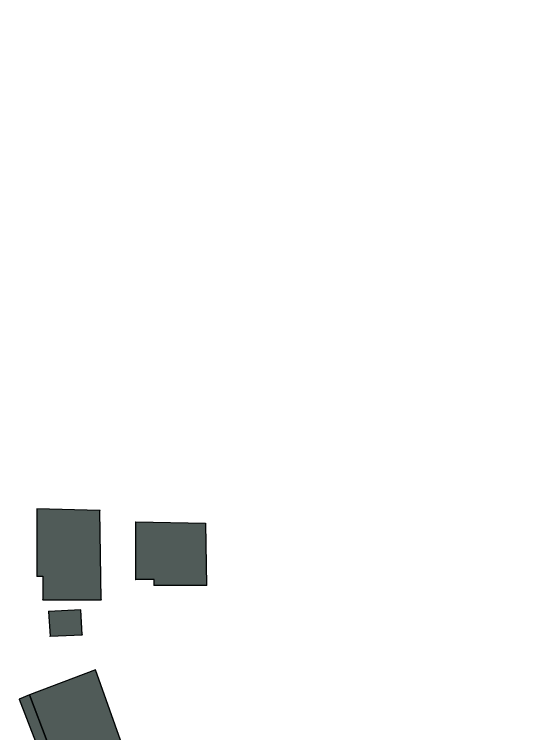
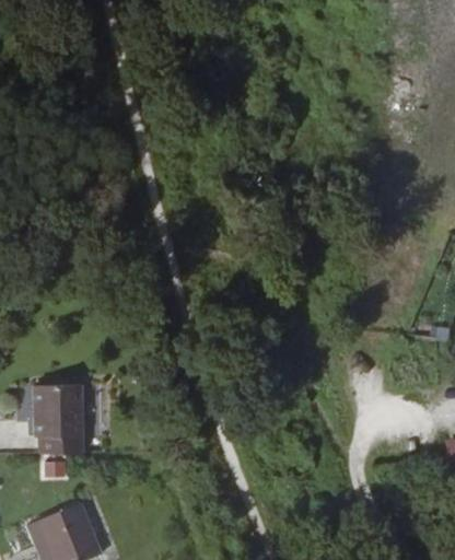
building: [136,522,207,585] -> none

